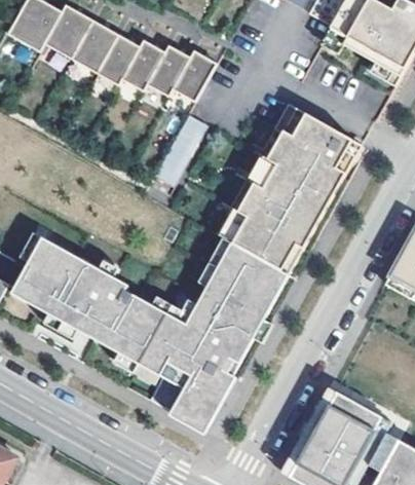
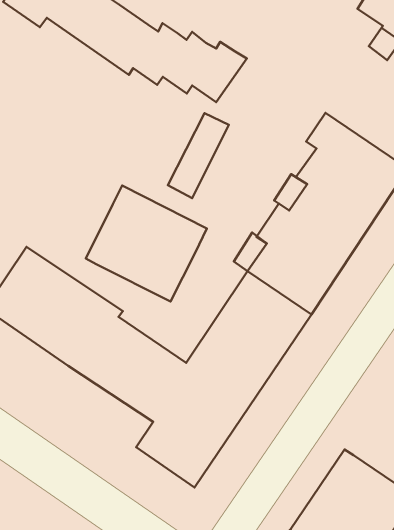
building: none -> [86,185,207,302]

